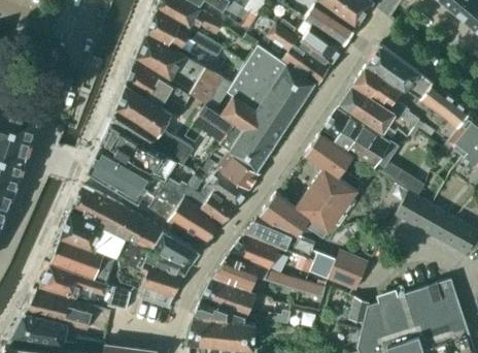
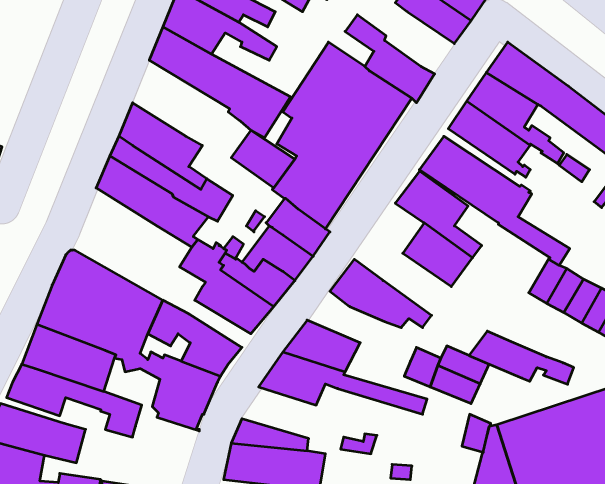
building: [279,21,345,66] -> none
building: [127,63,192,108] -> none
building: [90,143,176,220] -> none
building: [297,188,343,230] -> none
building: [245,217,316,253] -> [469,331,574,384]
building: [201,279,255,314] -> none

